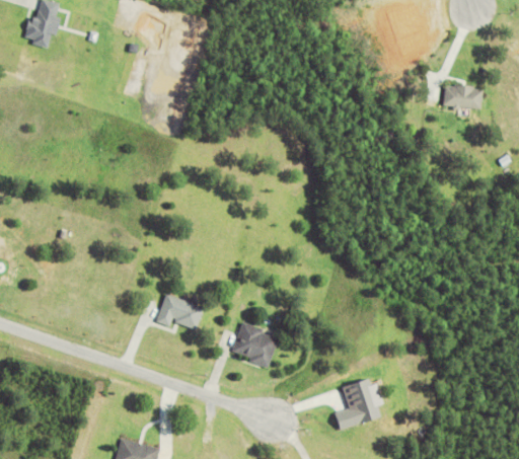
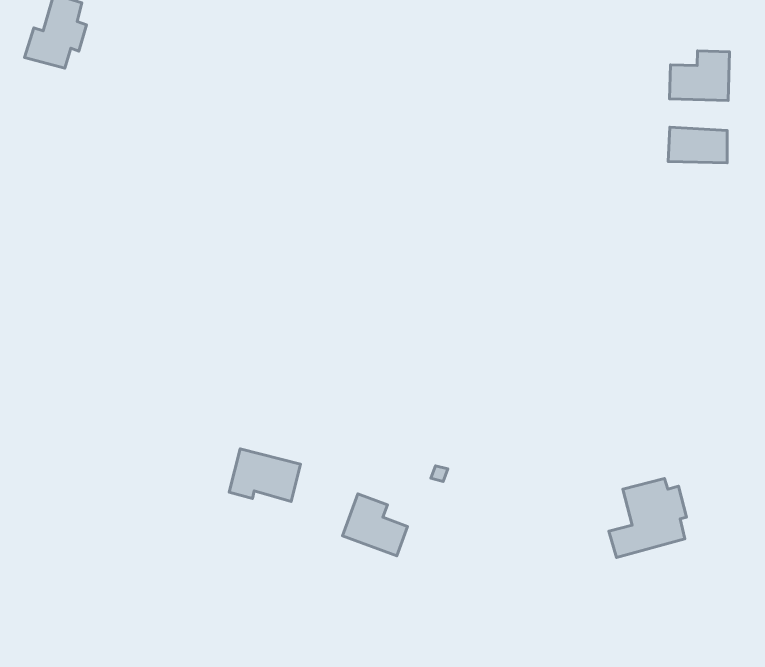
building: none -> [669,51,729,100]
building: [335,378,385,430] -> [609,478,686,558]

